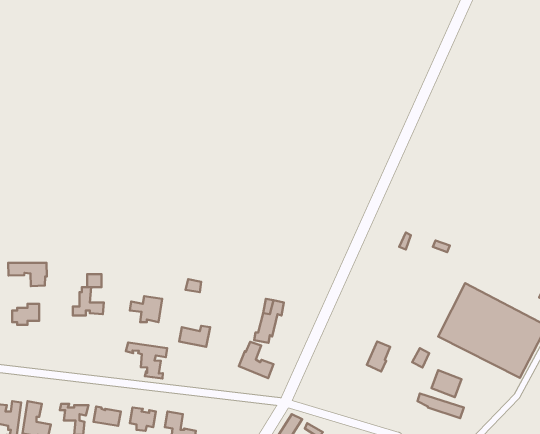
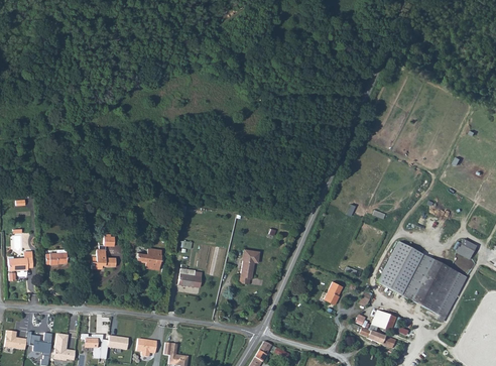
building: [8,263,47,286] -> none
building: [239,342,274,378] -> none
building: [126,343,167,379] -> none

